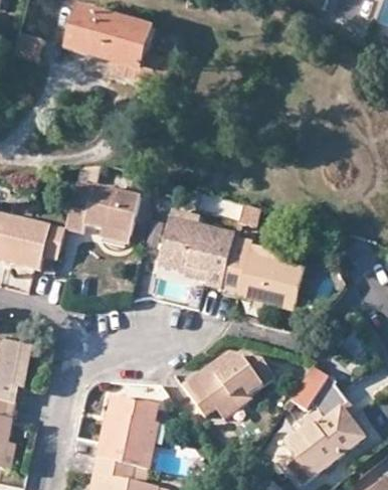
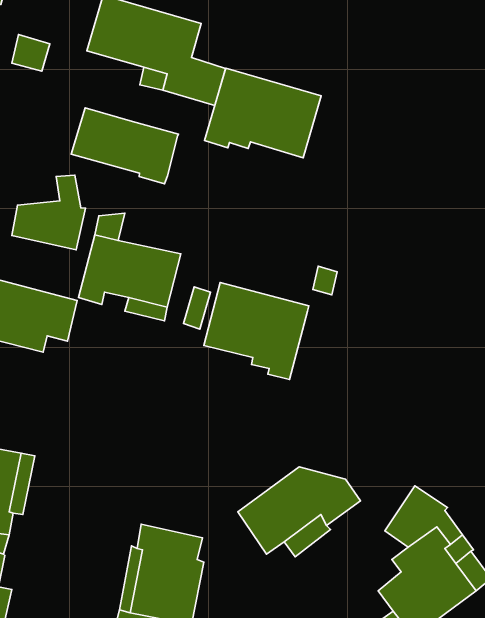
building: none -> [204,68,321,158]
building: none -> [71,108,179,184]
building: none -> [12,175,85,250]
building: [221,237,304,310] -> none

